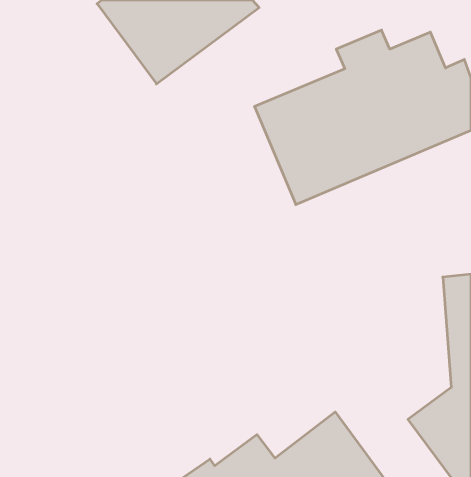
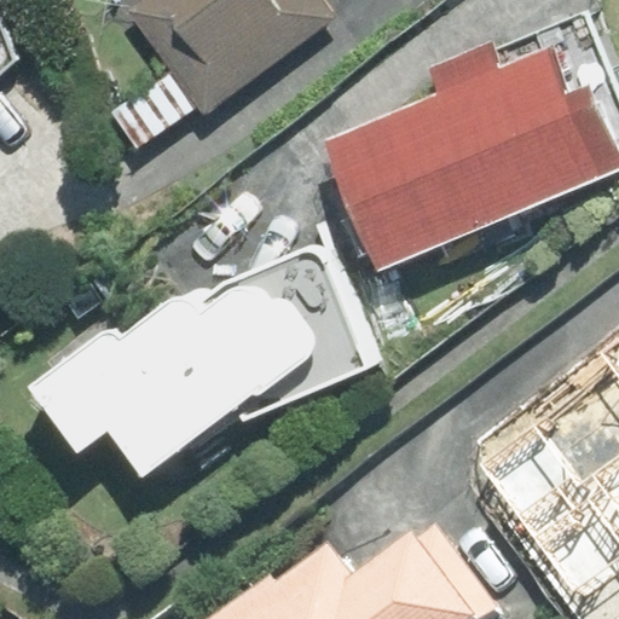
building: none -> [33,266,317,475]

